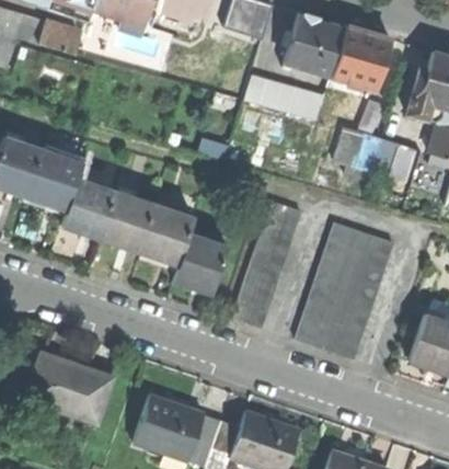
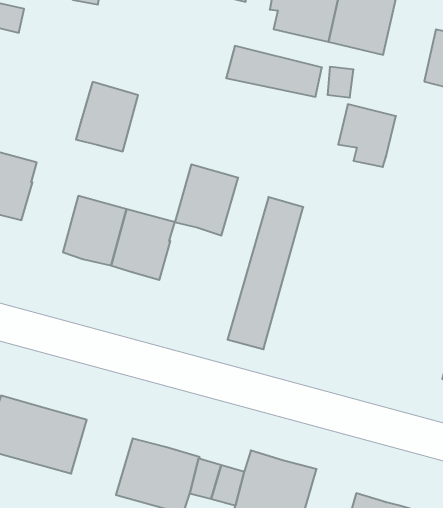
building: [372,139,414,181] -> none
building: [61,178,115,237] -> [76,82,138,151]
building: [296,222,393,358] -> none
building: [173,232,228,293] -> [175,164,238,235]

